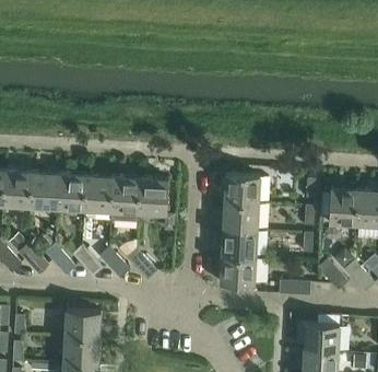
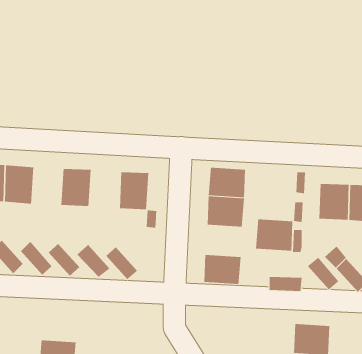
building: [56,174,85,210] -> none
building: [110,176,140,223] -> none
building: [220,229,256,259] -> [255,219,293,251]
building: [64,310,99,340] -> none

